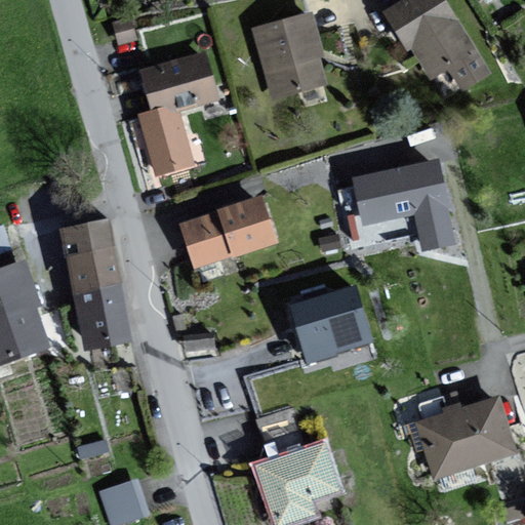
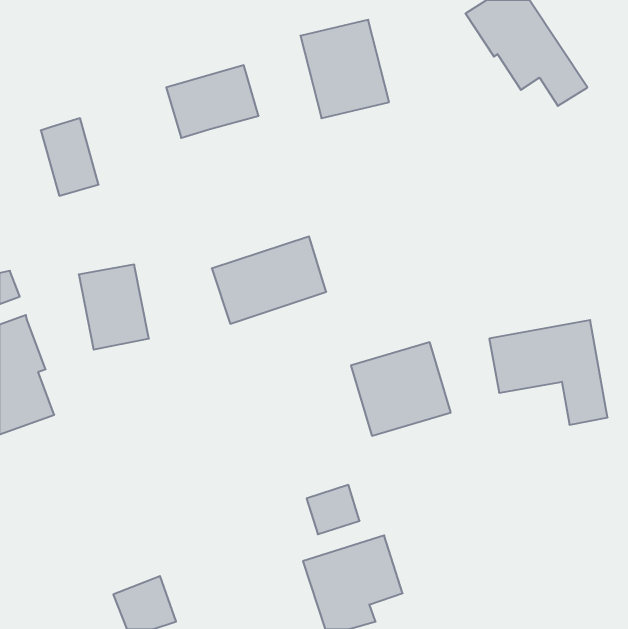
building: [142,108,190,172] -> [41,118,99,196]
building: [358,161,456,248] -> [489,320,608,425]
building: [78,282,134,348] -> none
building: [414,400,511,479] -> none

